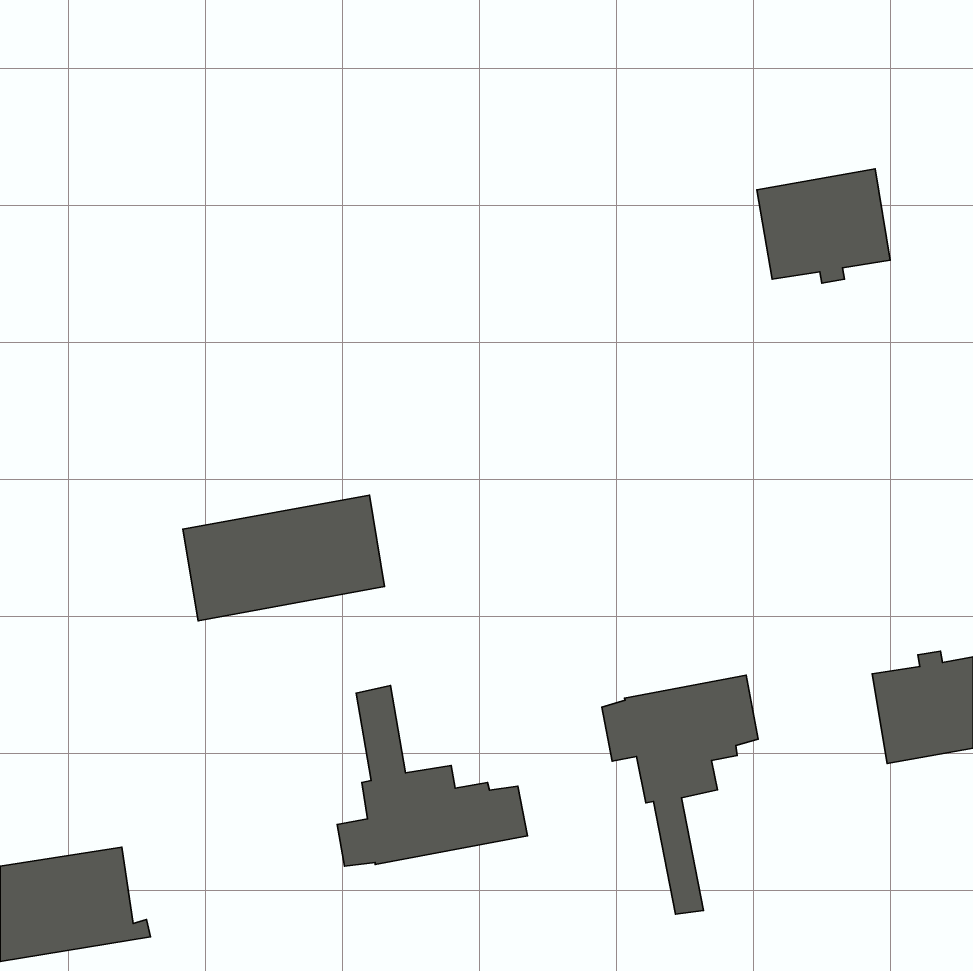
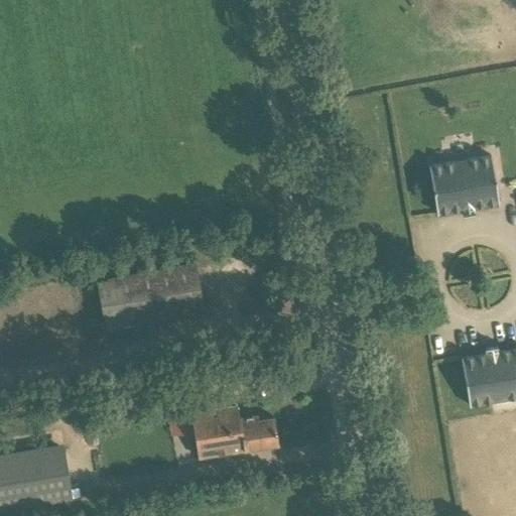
building: [757,169,890,283] -> [429,154,500,215]
building: [602,675,758,914] -> none

